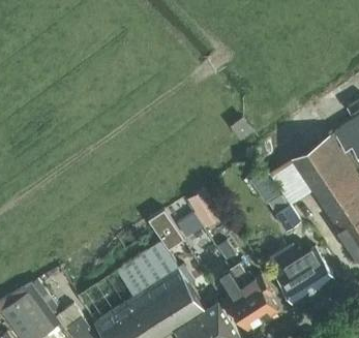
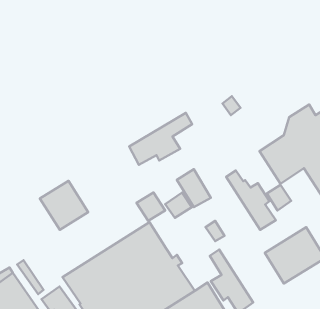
building: none -> [129,113,192,165]
building: none -> [40,181,88,230]
building: [230,264,278,321] -> [226,171,276,230]

